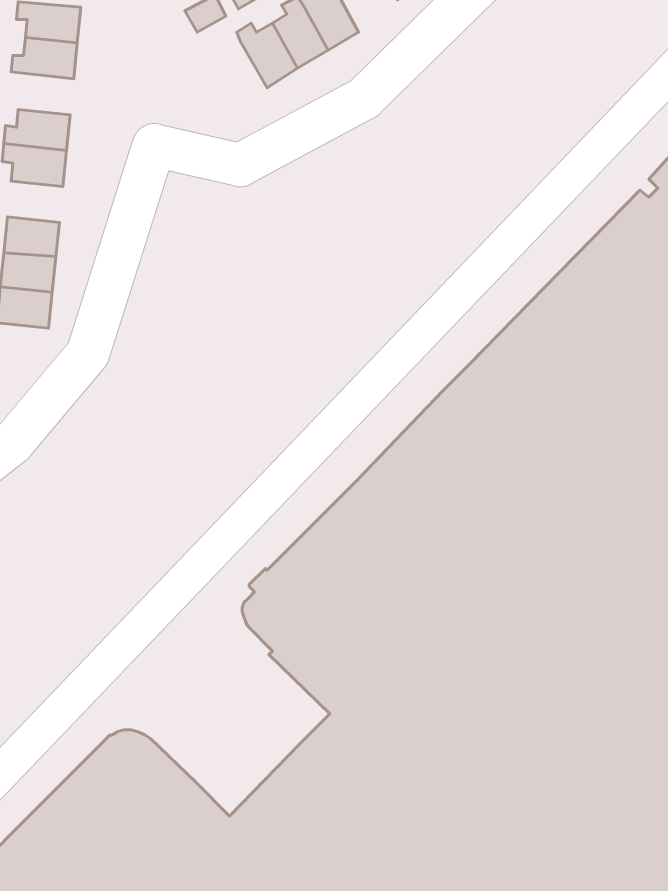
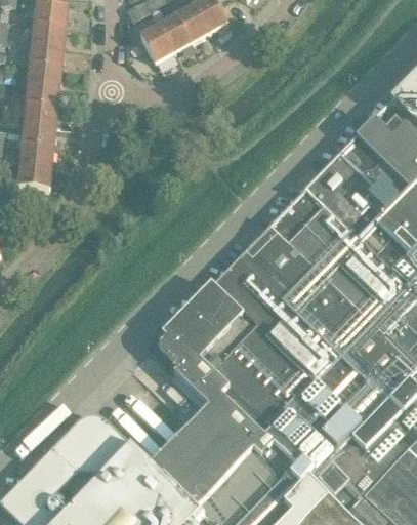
building: none -> [140,18,173,60]
building: none -> [26,41,62,66]
building: none -> [25,104,56,127]

